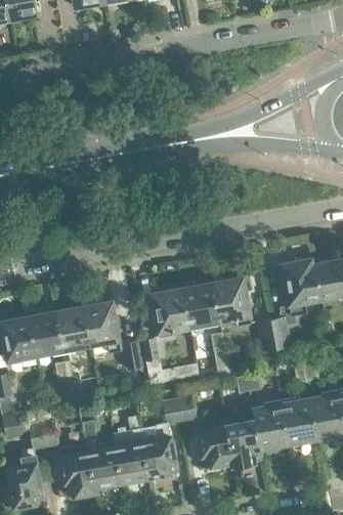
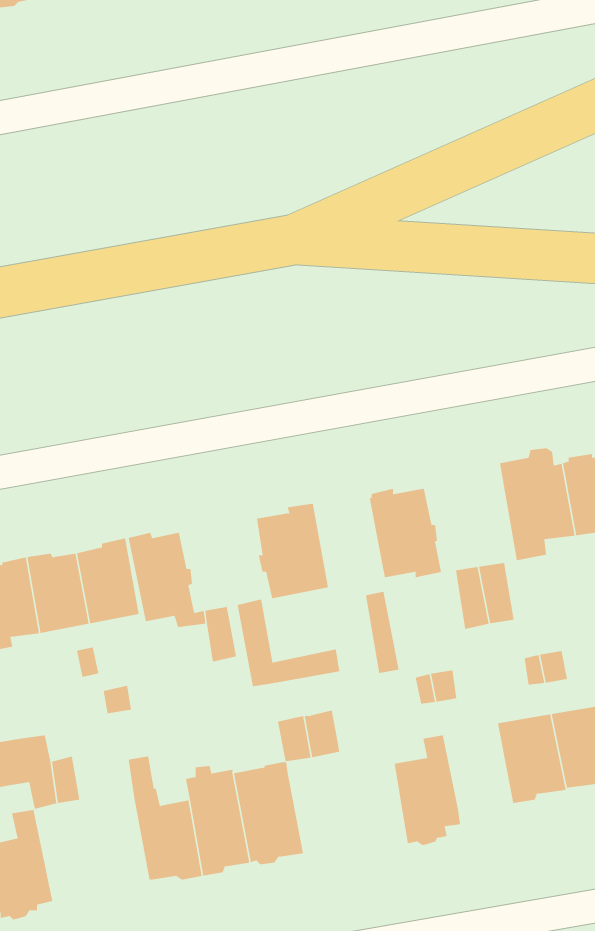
building: [183,283,221,331] -> none
building: [253,403,290,449] -> none
building: [197,418,232,468] -> none
building: [60,443,97,498] -> none

